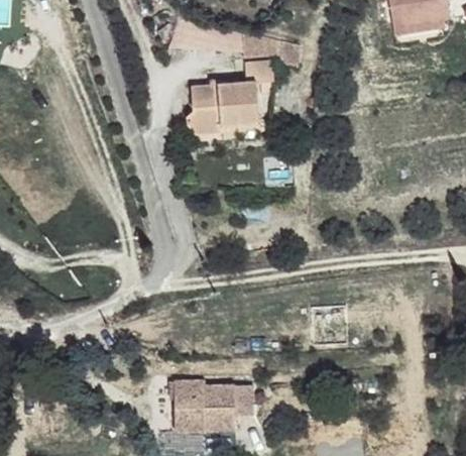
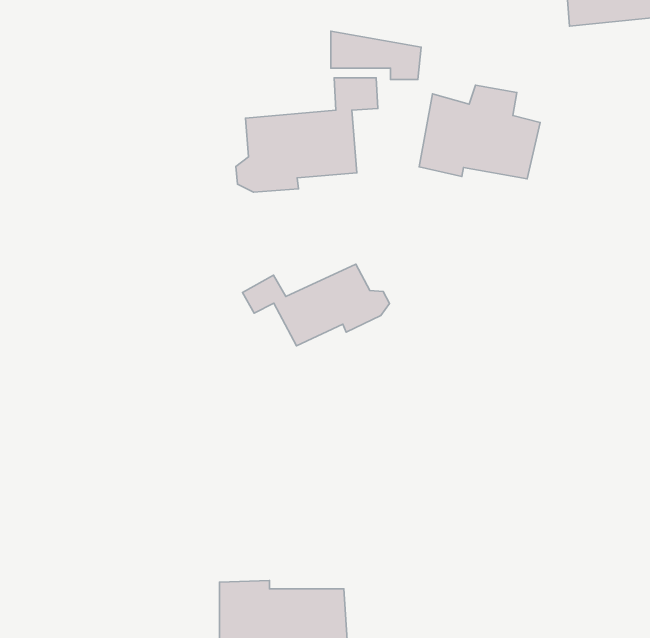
building: none -> [419,85,540,179]
building: none -> [243,264,389,346]

